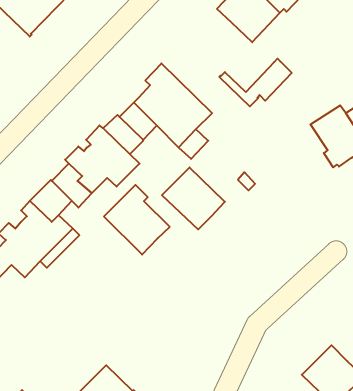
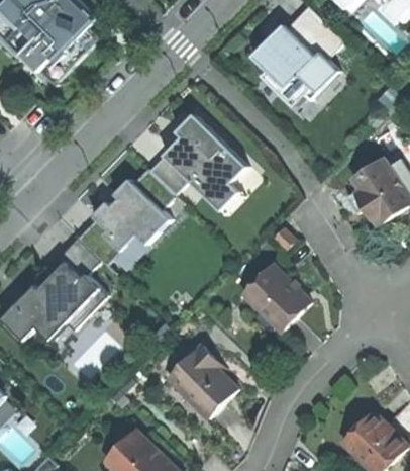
building: [219,59,292,106] -> [261,55,337,105]
building: [162,167,225,229] -> [242,264,309,329]
building: [104,185,170,255] -> [167,344,236,417]

